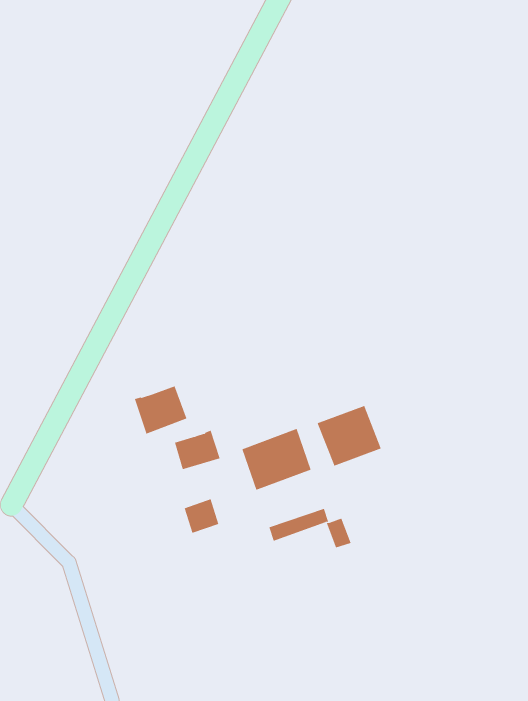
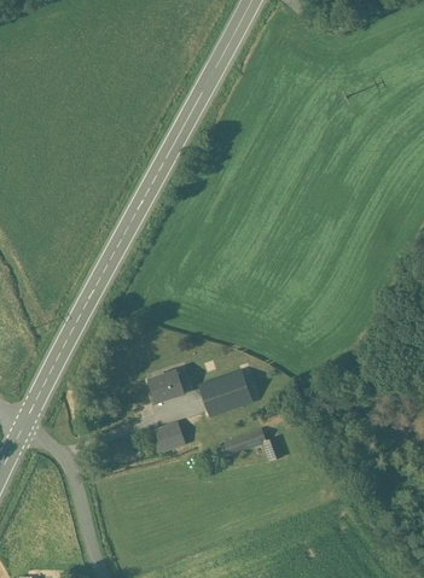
building: [134,386,187,434] -> none
building: [317,405,382,467] -> none

